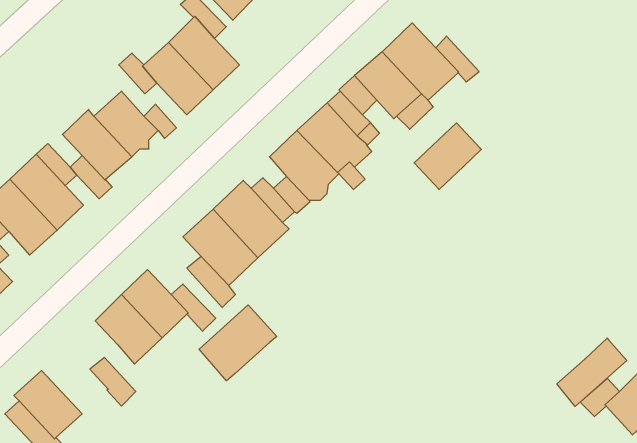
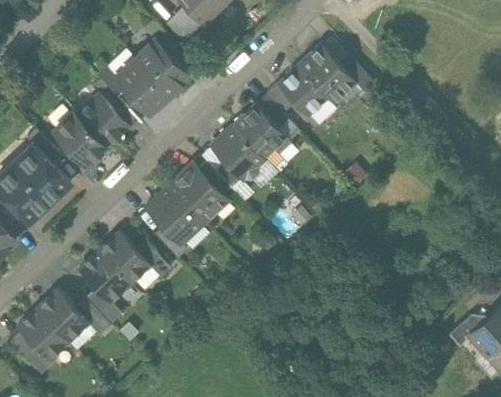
building: [414,123,481,190] -> none
building: [199,305,277,381] -> none
building: [557,338,627,406] -> none
building: none -> [38,289,89,342]
building: none -> [86,289,122,325]

